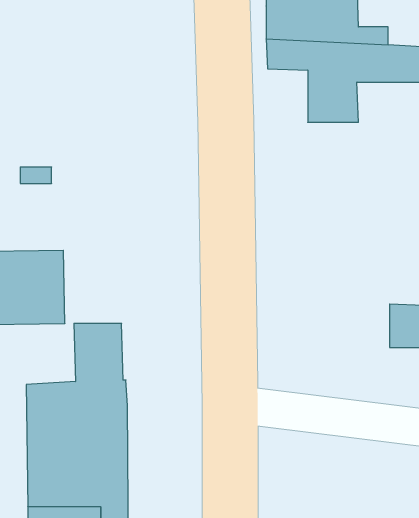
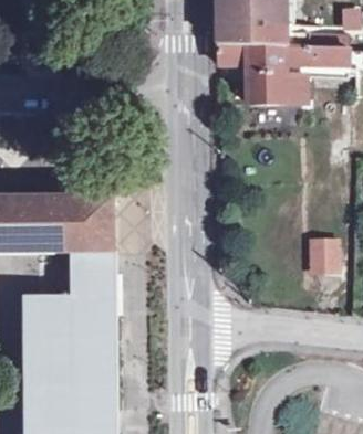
building: none -> [66,199,113,253]

